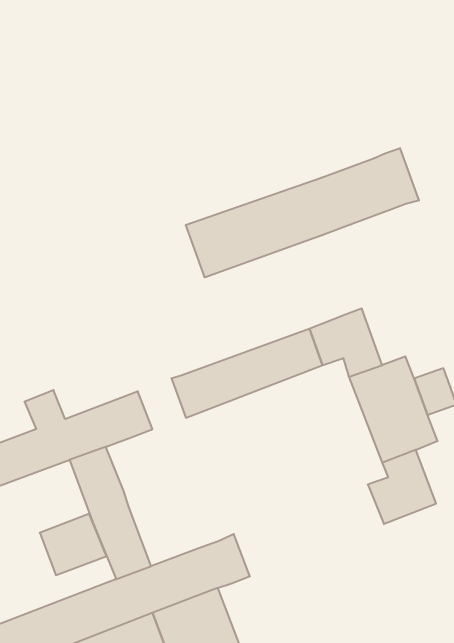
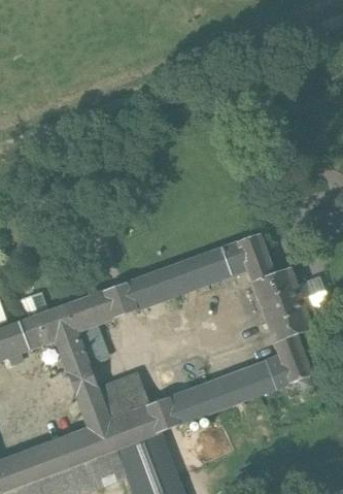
building: [186,148,419,277] -> none
building: none -> [102,283,136,319]
building: none -> [79,324,110,362]
building: none -> [170,358,276,423]
building: [40,514,107,575] -> [100,372,147,416]

